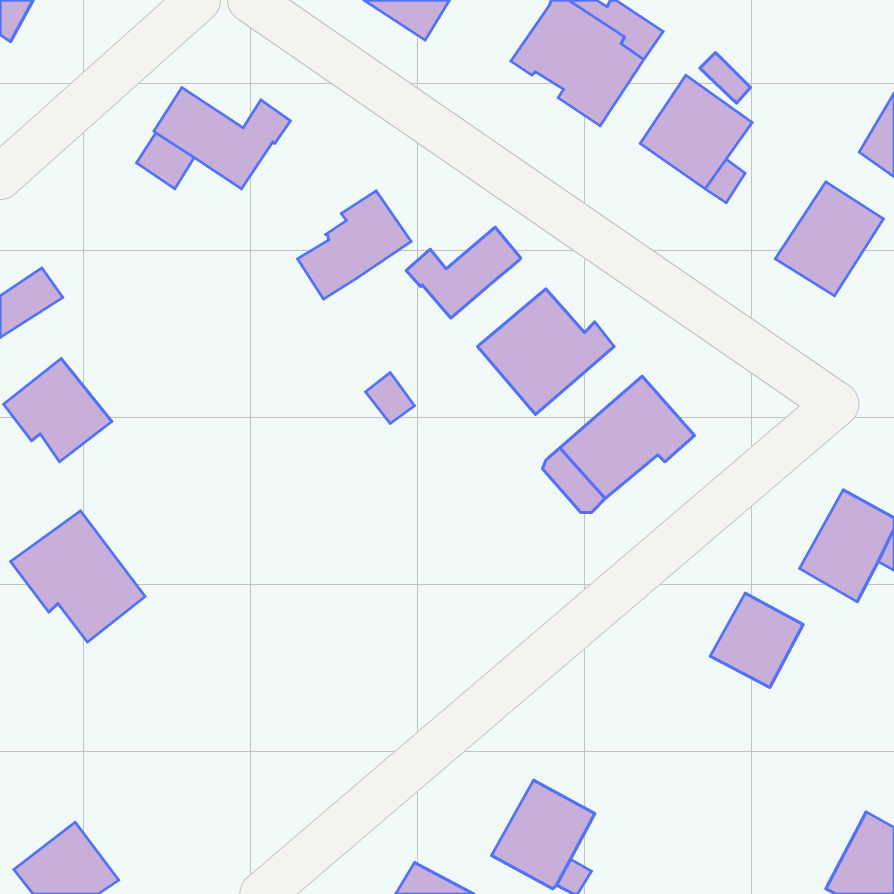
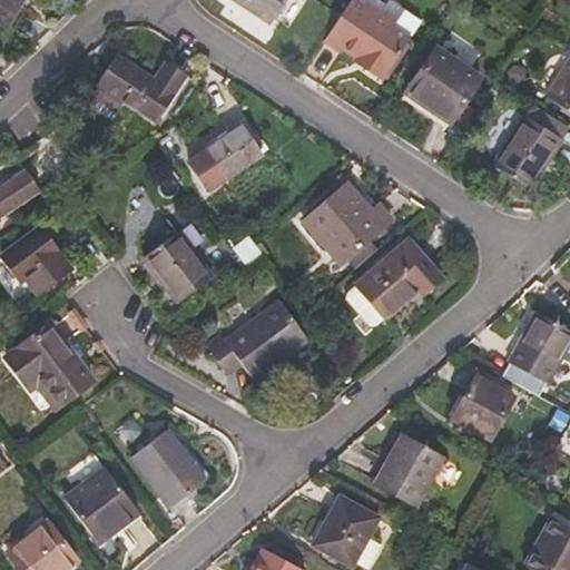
building: [406,227,521,318] -> none
building: none -> [144,232,212,303]
building: none -> [207,302,307,380]
building: none -> [131,430,206,507]
building: none -> [374,434,441,507]
building: none -> [65,469,138,543]

